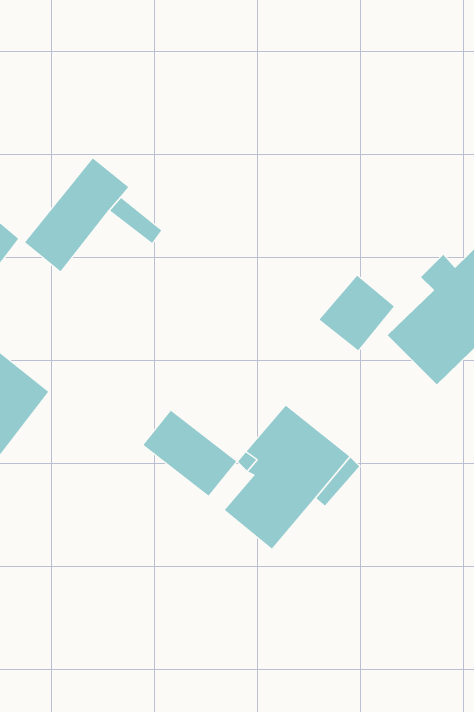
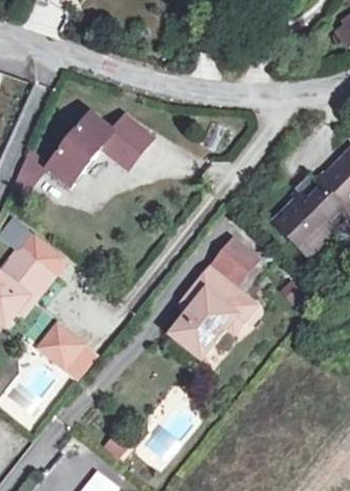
building: none -> [107,116,150,158]
building: [318,275,395,351] -> [210,239,258,287]
building: [142,410,237,496] -> [37,325,97,379]

